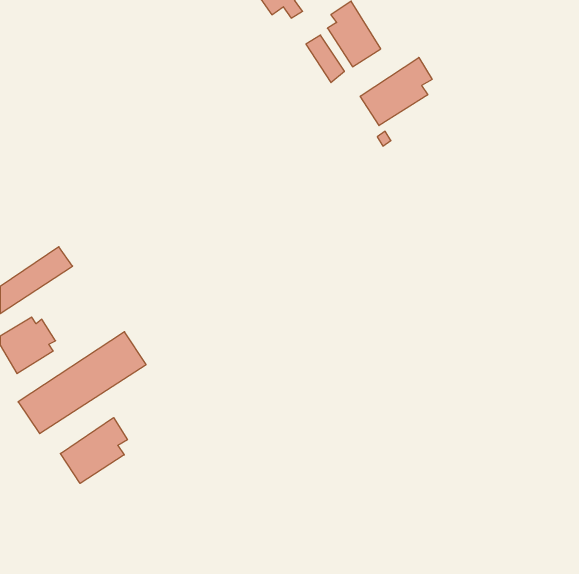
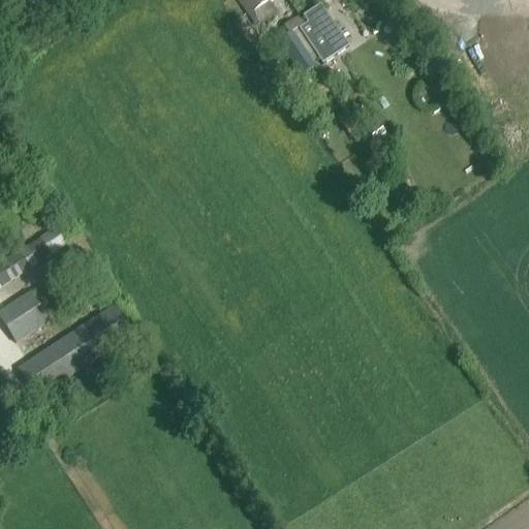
building: [360,57,432,126] -> none
building: [60,418,127,483] -> none

